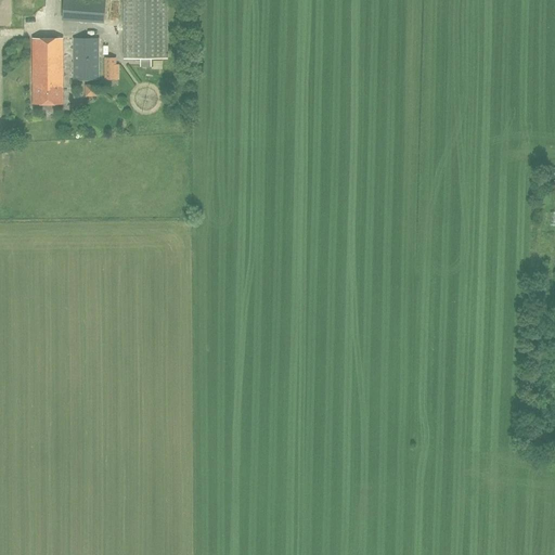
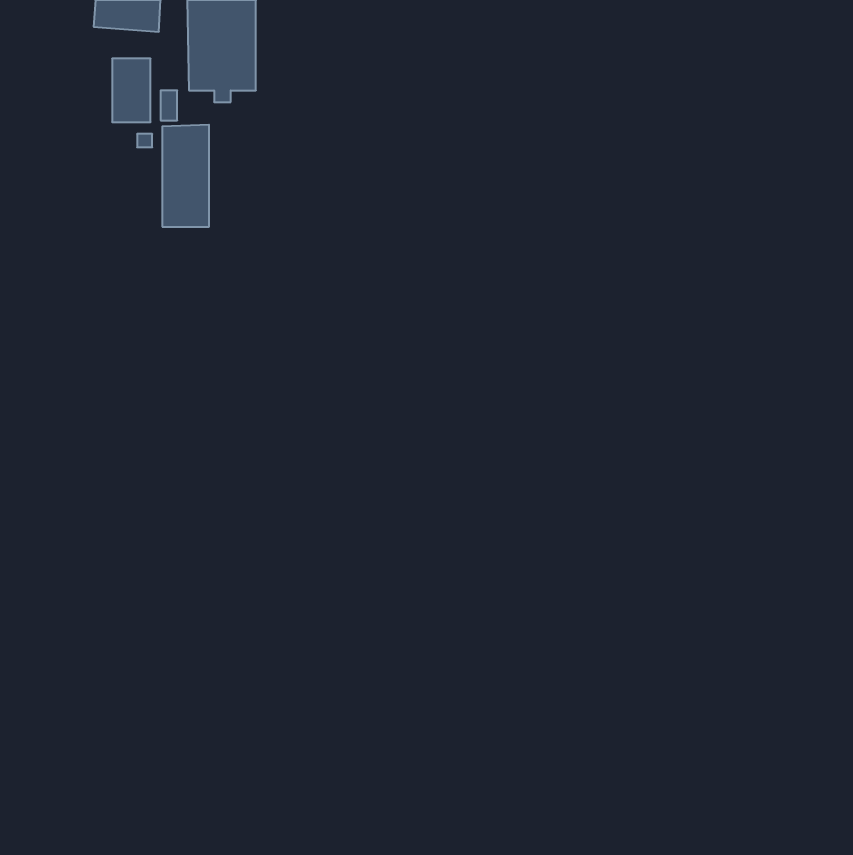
building: [31,38,62,104] -> [162,125,209,227]

